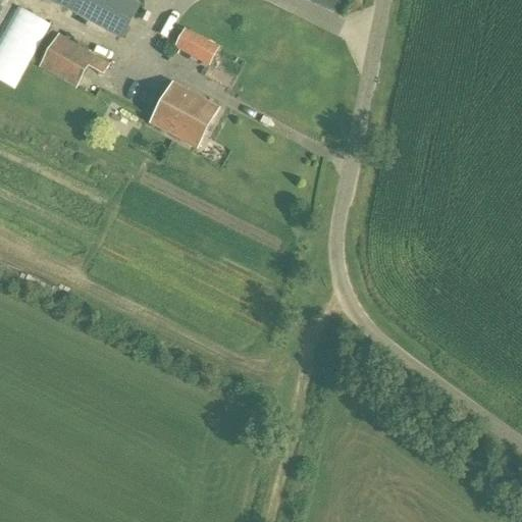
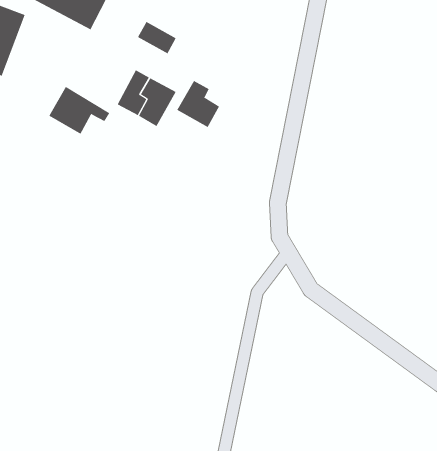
building: [38,31,108,86] -> [49,86,110,134]
building: none -> [176,80,220,128]

